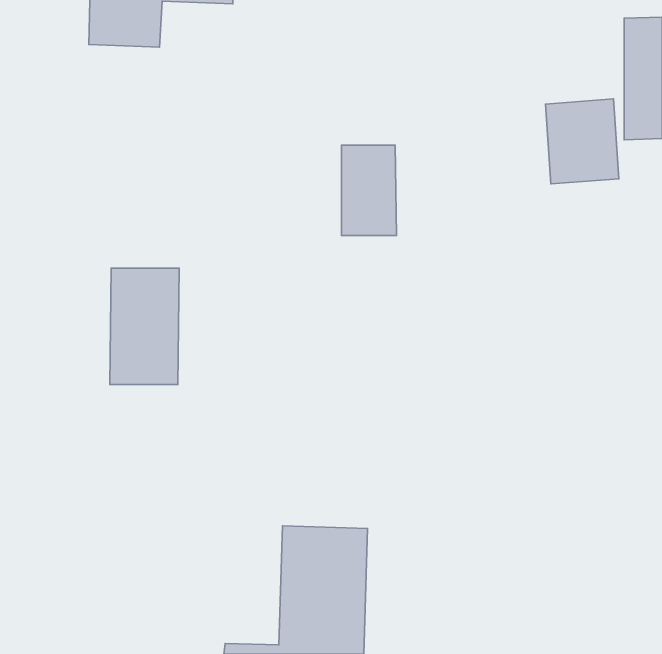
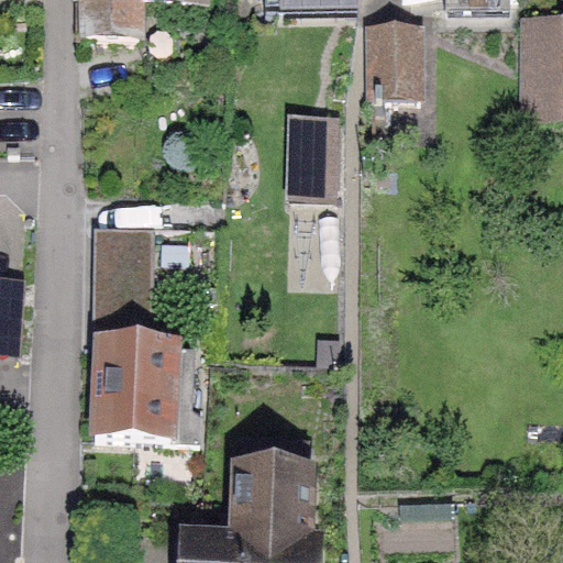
building: [545,99,619,184] -> [367,14,429,86]
building: none -> [91,340,199,439]

